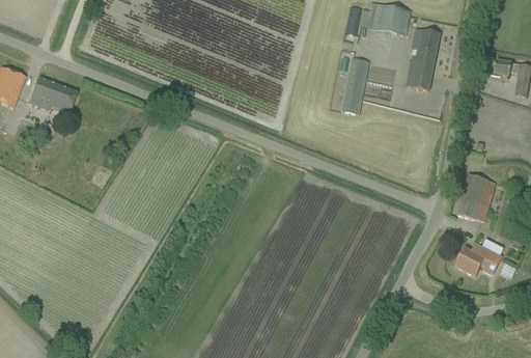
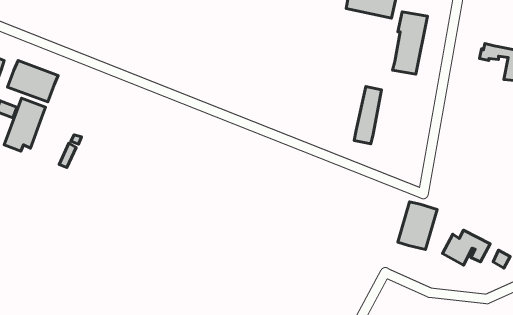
building: [341,57,368,113] -> [354,87,382,144]
building: none -> [4,98,46,151]
building: [456,174,495,221] -> [398,202,437,250]

